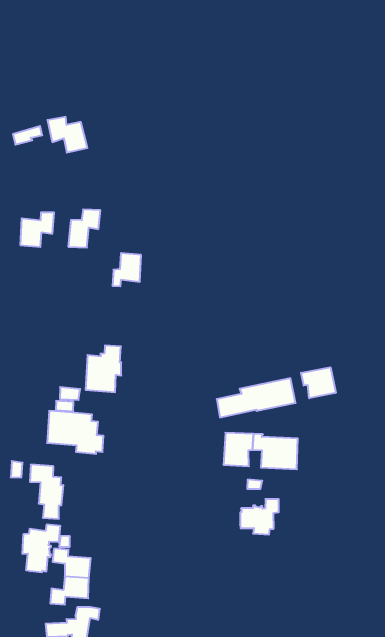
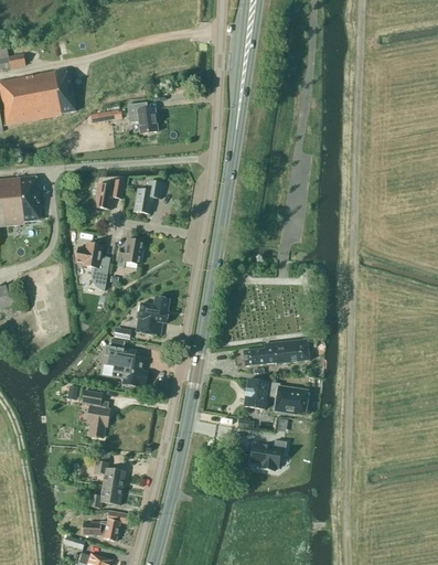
building: [112,253,141,286] -> [117,238,143,266]
building: none -> [76,243,109,290]
building: [301,367,336,398] -> none
building: [23,524,60,572] -> none

